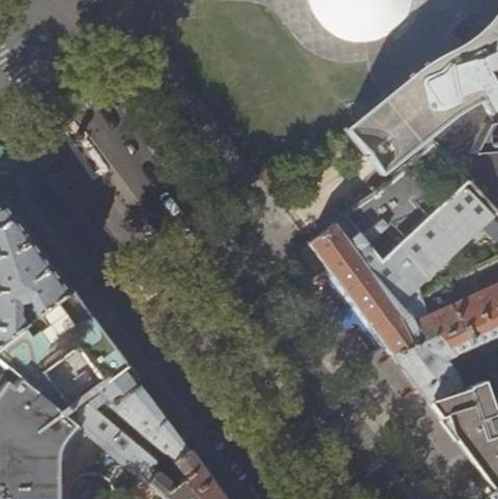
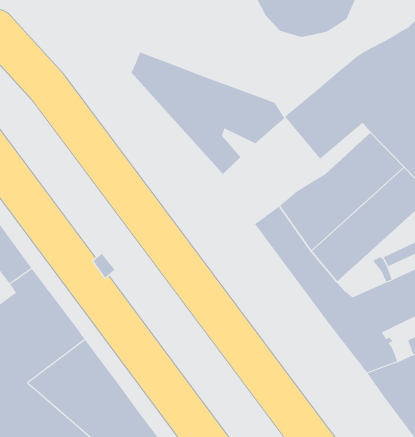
building: none -> [131,52,285,175]

